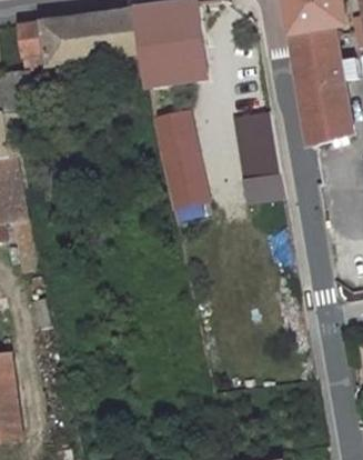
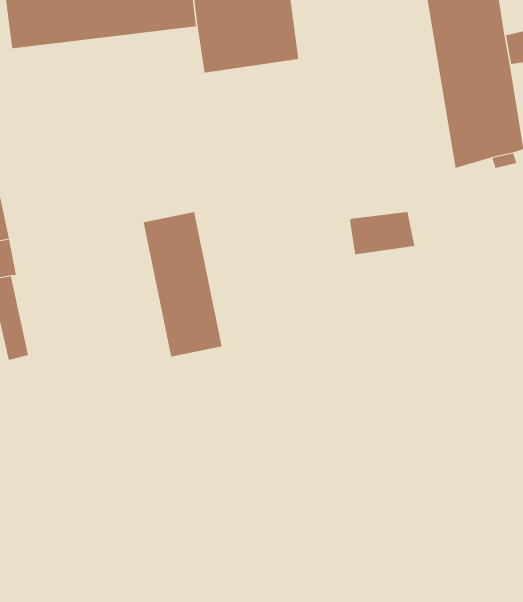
building: [152,109,203,202] -> [143,212,222,357]
building: [233,113,279,178] -> none

